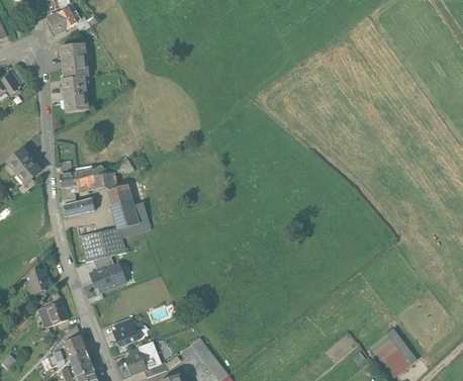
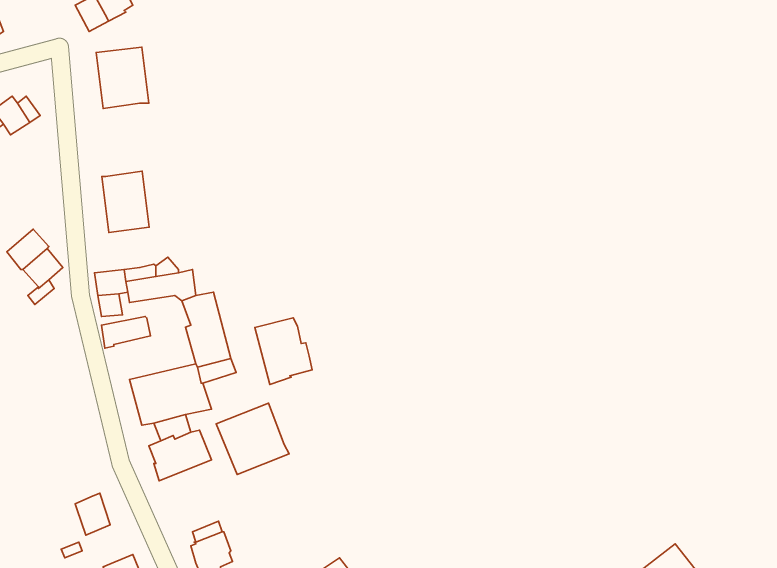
building: [61,76,88,111] -> [102,171,149,232]
building: none -> [255,318,312,385]
building: none -> [216,403,289,475]
building: [25,268,50,294] -> none

